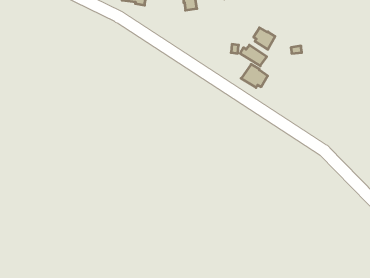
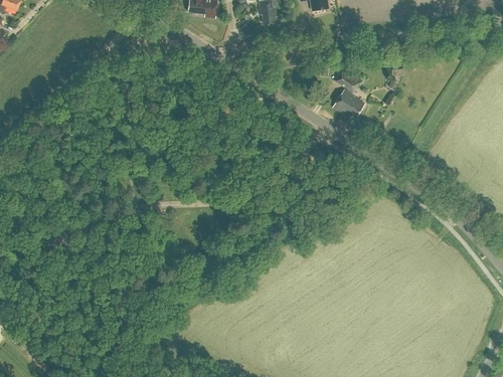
building: [254,28,275,49] -> none

